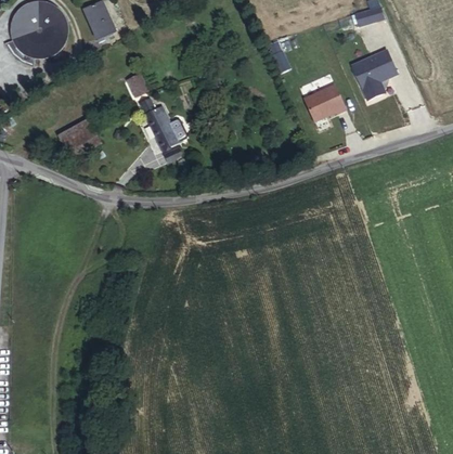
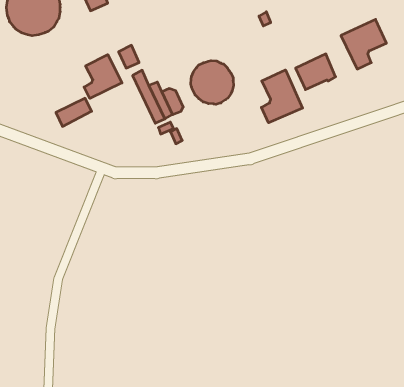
building: none -> [84,55,122,98]
building: none -> [191,61,234,104]
building: none -> [261,70,303,123]

